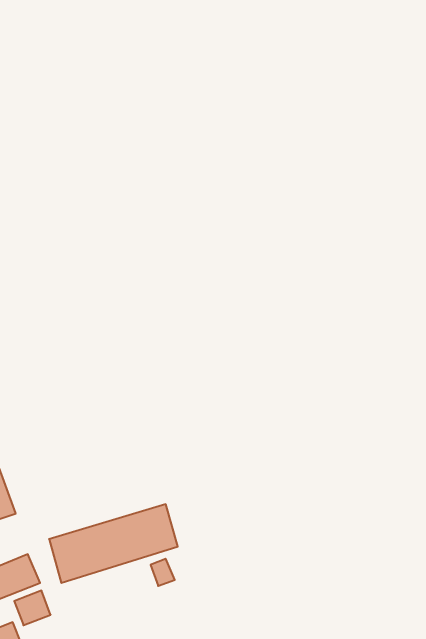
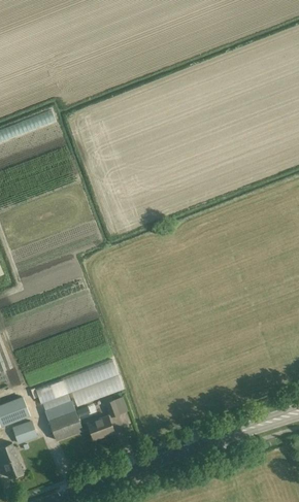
building: none -> [49,411,84,441]
building: none -> [89,416,115,440]

